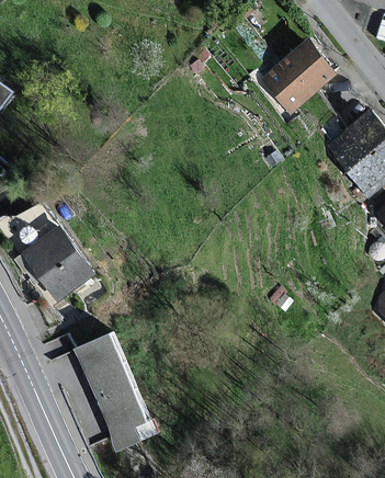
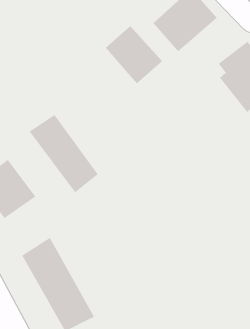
building: none -> [105,25,163,84]
building: none -> [29,114,98,193]

